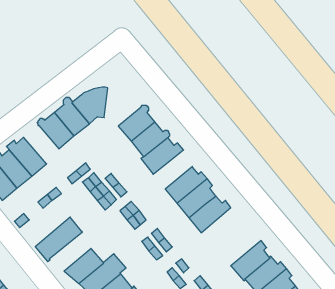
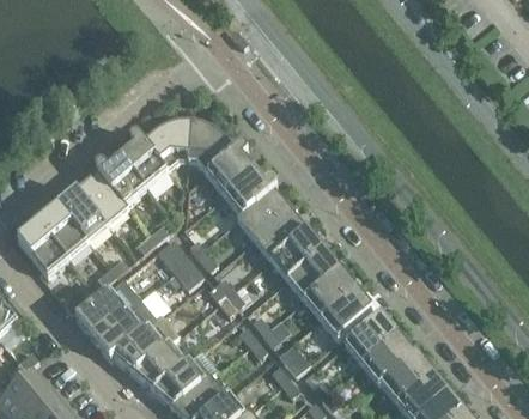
building: none -> [187,122,235,175]
building: none -> [73,174,128,226]
building: none -> [254,211,312,261]
building: none -> [75,279,140,340]
building: none -> [320,286,373,341]
building: none -> [111,315,177,374]
building: none -> [343,315,402,366]

